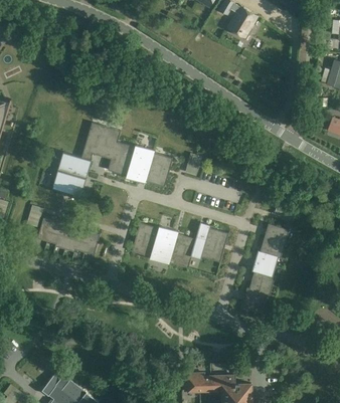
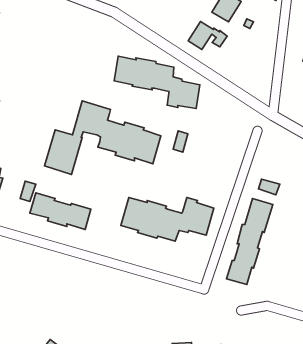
building: none -> [188,21,227,50]
building: none -> [114,56,200,109]

